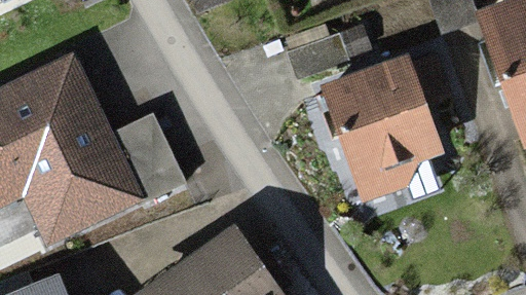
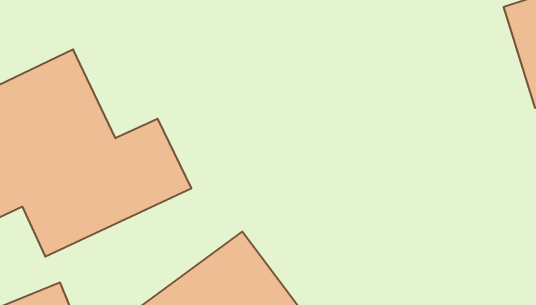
building: [327,53,447,196] -> none

